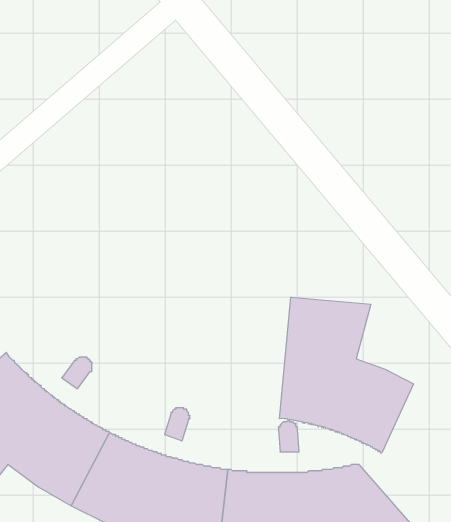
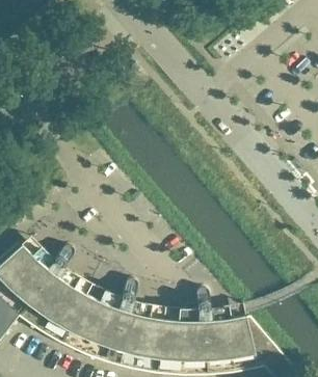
building: [279,297,414,453] -> none

